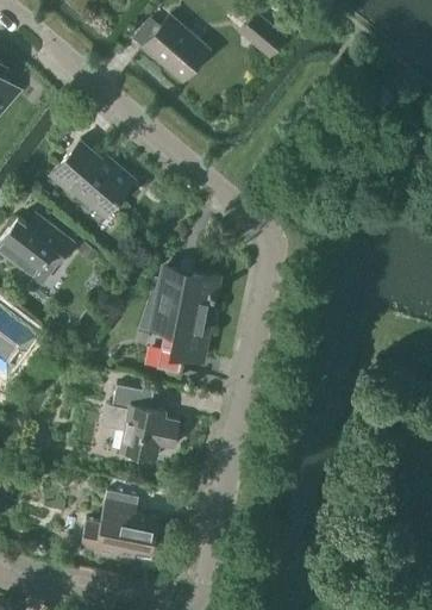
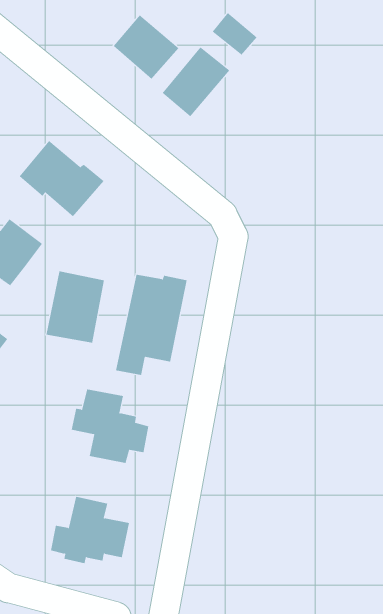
building: none -> [162,47,230,117]
building: none -> [46,271,105,344]

